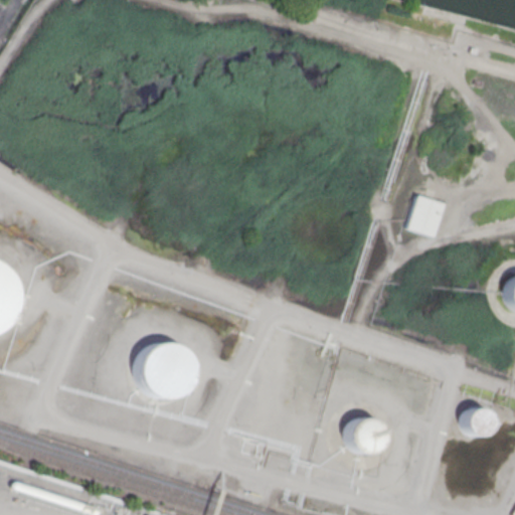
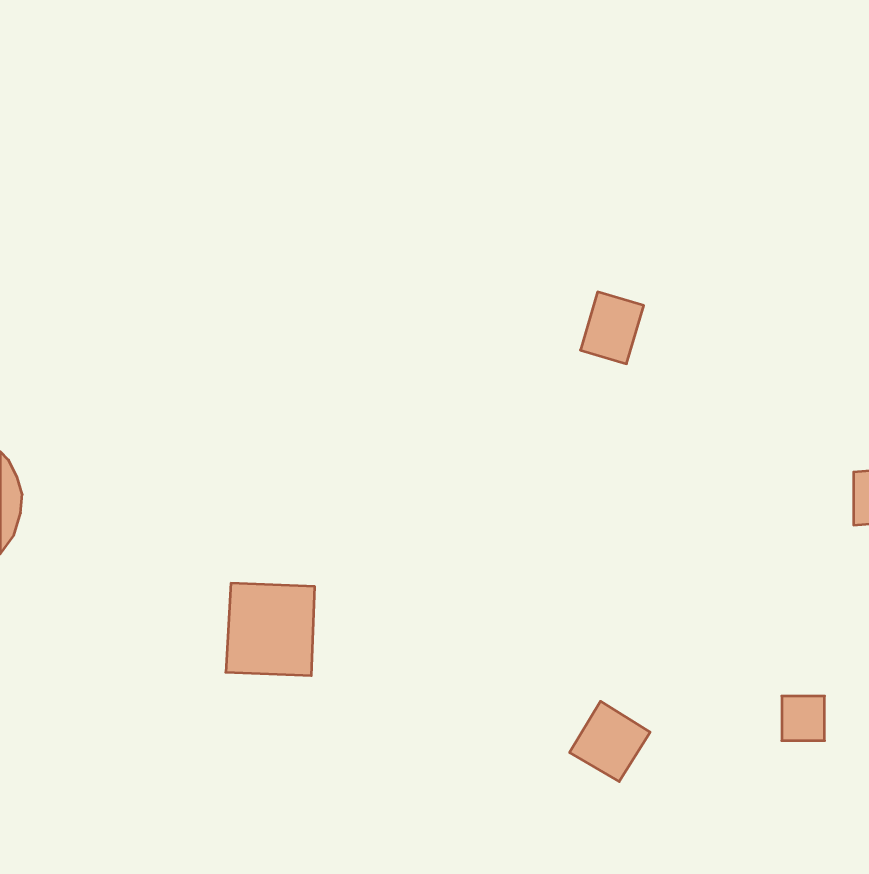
building: [406,194,444,236] -> [580,292,644,364]

